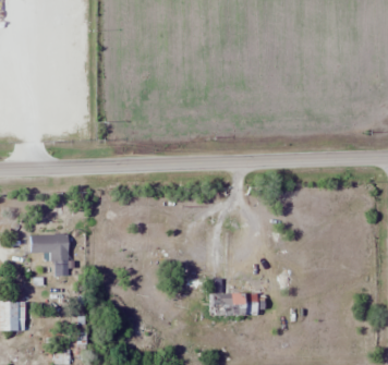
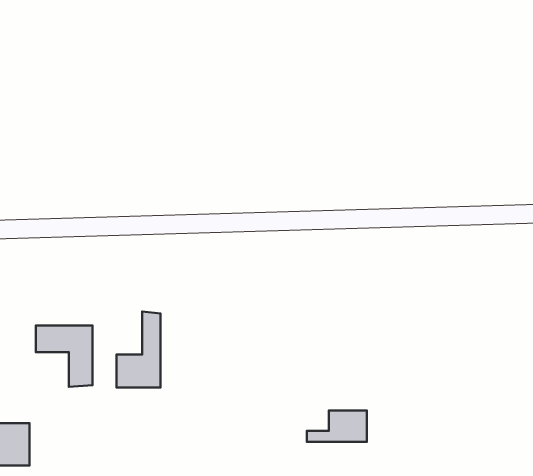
building: none -> [117,312,161,387]

